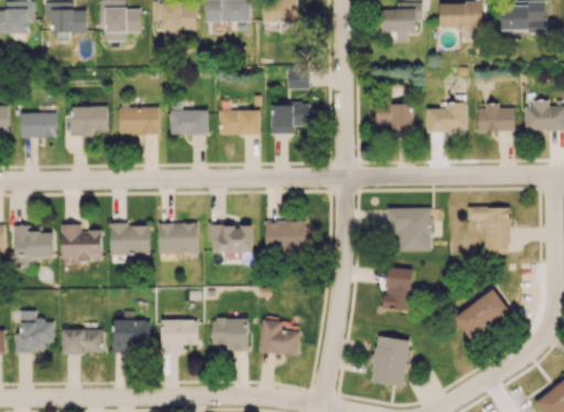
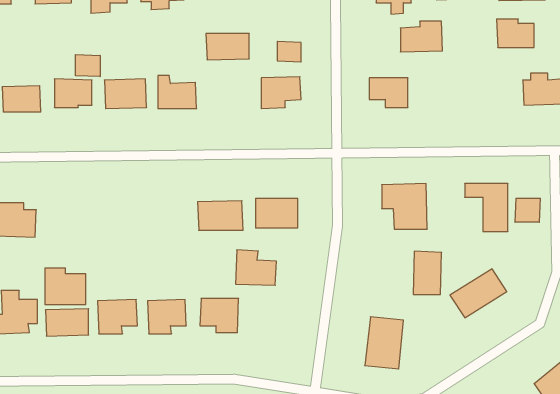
building: none -> [76,55,100,77]
building: [426,102,467,132] -> [400,21,442,52]
building: [478,104,514,131] -> [497,19,534,47]
building: [218,110,260,135] -> [206,34,249,60]
building: none -> [515,198,540,222]
building: [159,223,198,254] -> none
building: [110,224,150,256] -> none
building: [62,225,101,260] -> [45,268,86,305]
building: [384,268,412,310] -> [413,251,442,294]
building: [260,321,300,355] -> [236,250,276,285]

